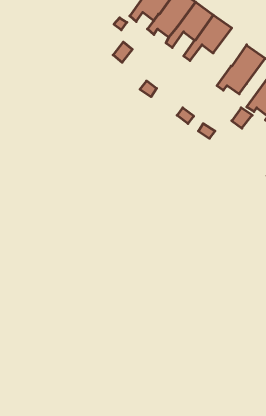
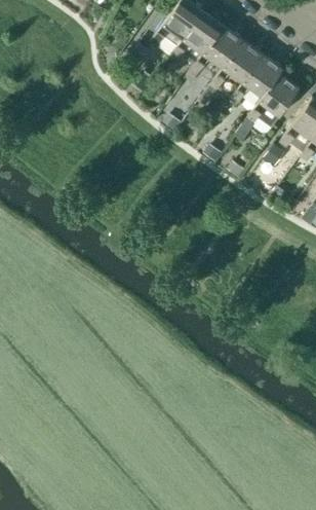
building: none -> [233,54,286,105]

